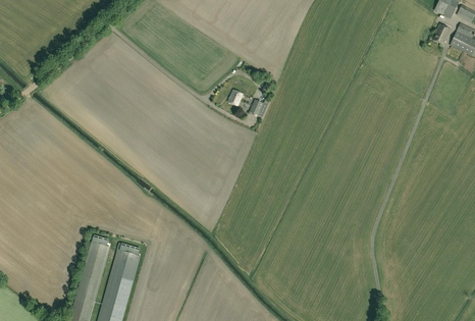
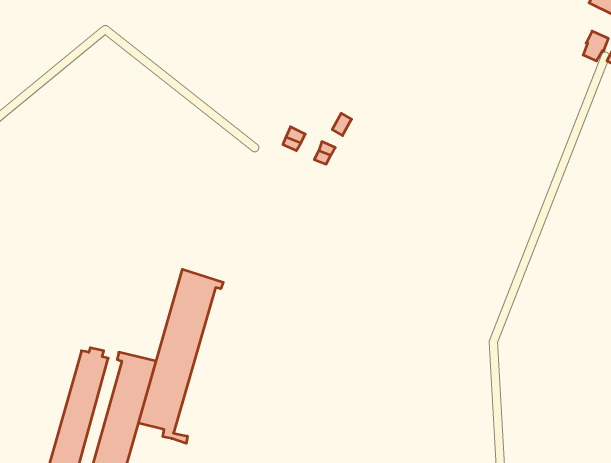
building: none -> [138,269,223,443]

